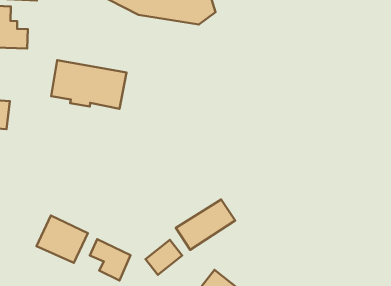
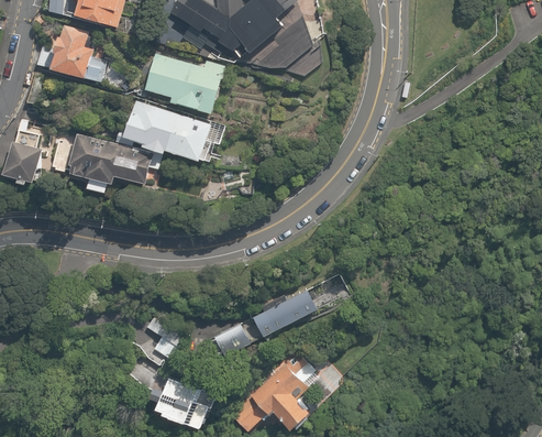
building: none -> [142,53,223,113]
building: none -> [67,135,152,193]
building: [37,215,88,263] -> none

